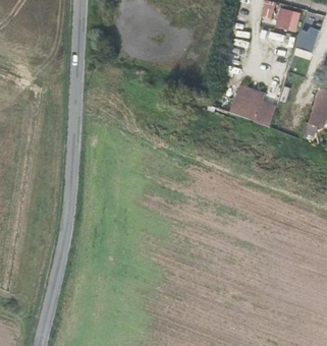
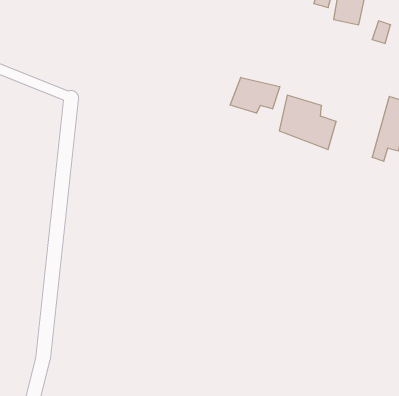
building: none -> [230,77,280,113]

